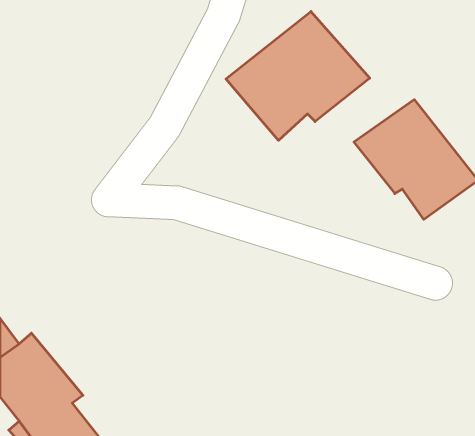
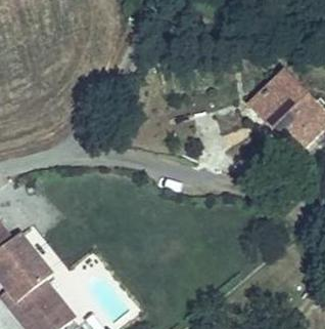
building: [226,11,370,140] -> none

